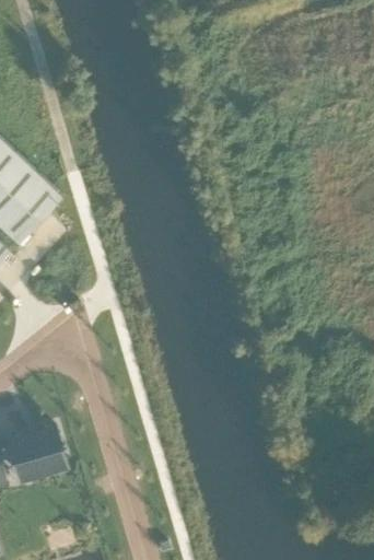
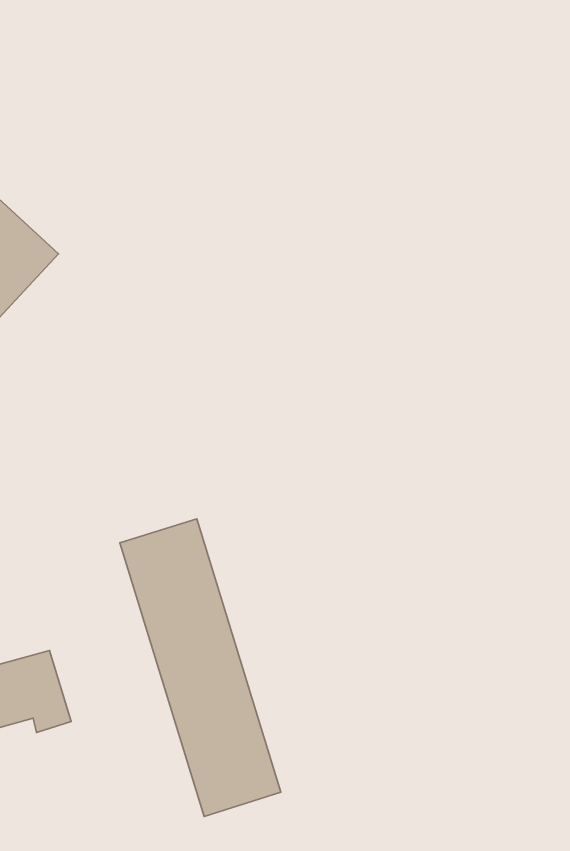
building: none -> [120,519,281,816]

